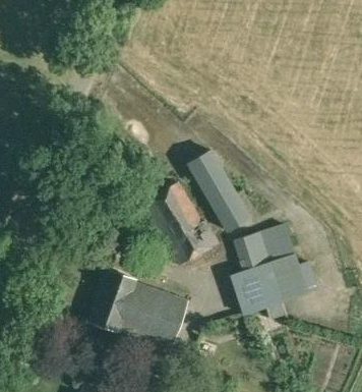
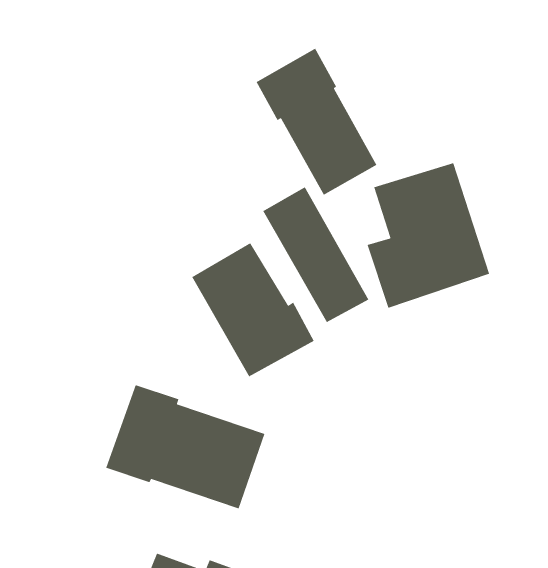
building: none -> [256,48,378,196]
building: [230,224,306,315] -> [367,162,490,309]

